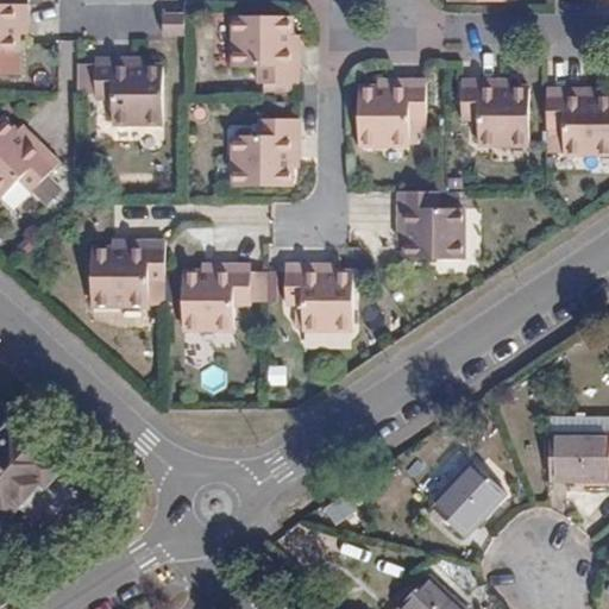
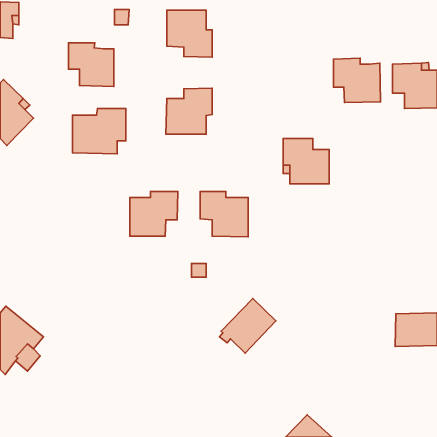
building: [357,77,425,142] -> none
building: [87,240,161,303] -> [73,108,126,154]
building: [429,463,508,539] -> [219,299,276,353]

